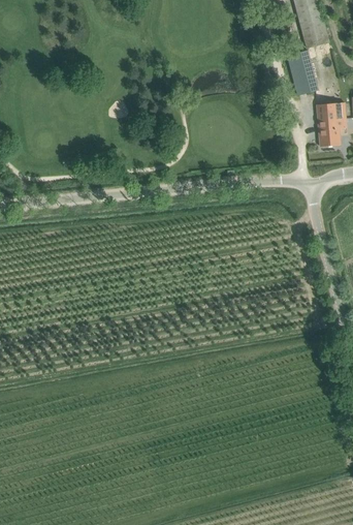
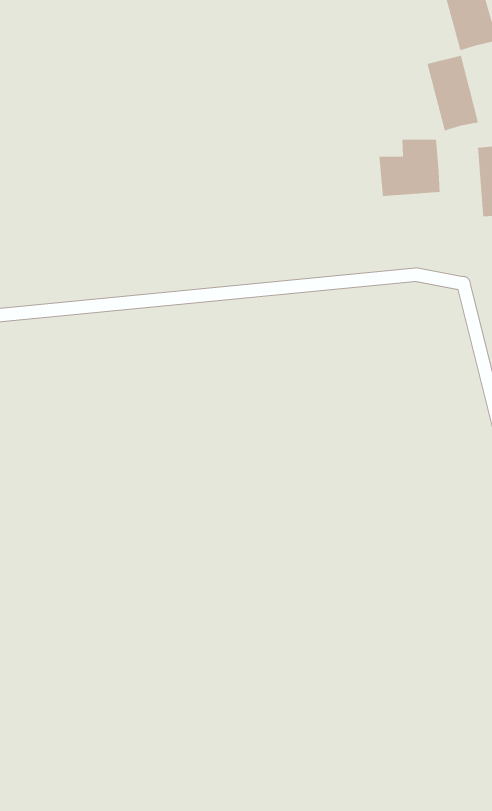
building: none -> [379,139,441,197]

